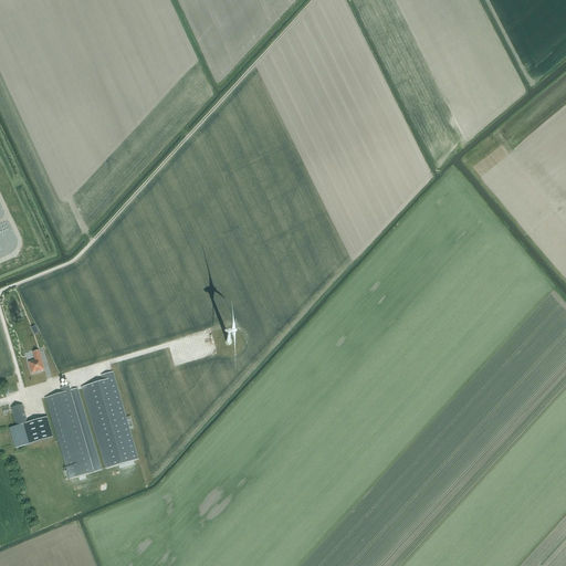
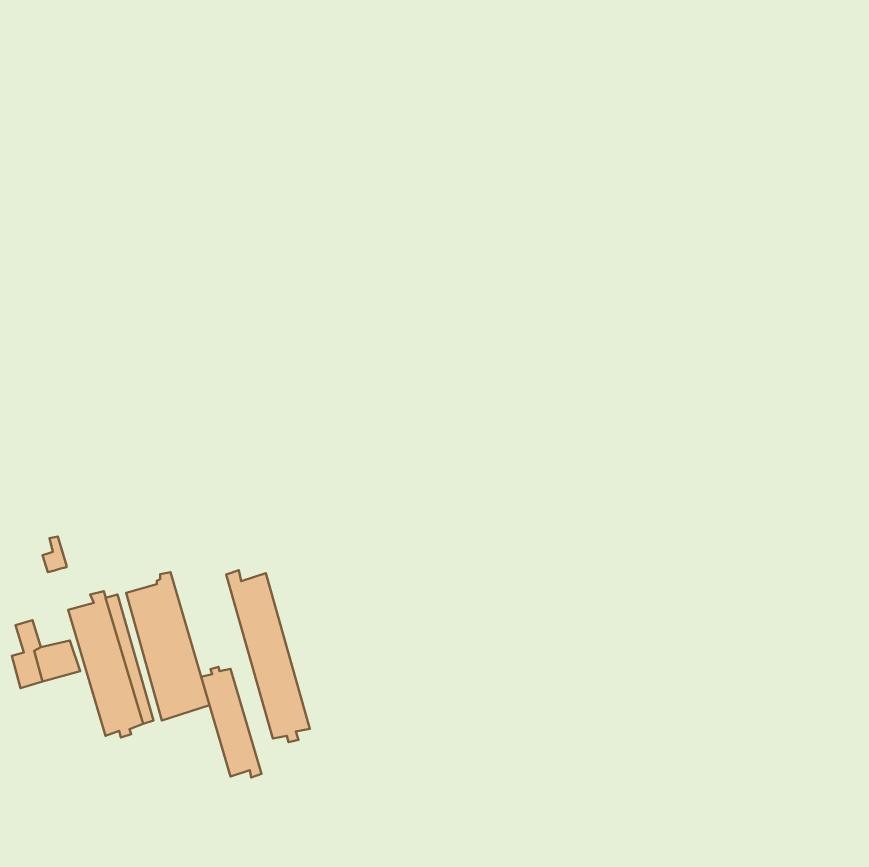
building: none -> [226,570,310,742]
building: none -> [201,667,262,777]

